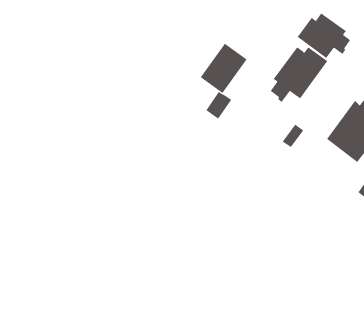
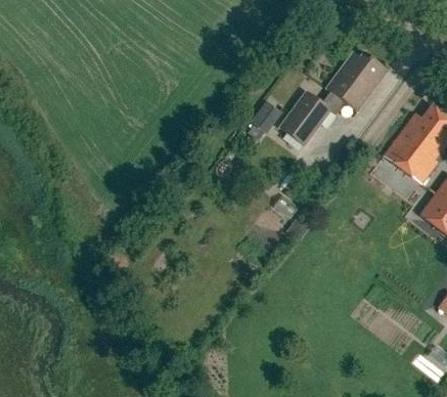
building: [297,13,351,59] -> none
building: [200,43,248,94] -> [278,90,331,146]

